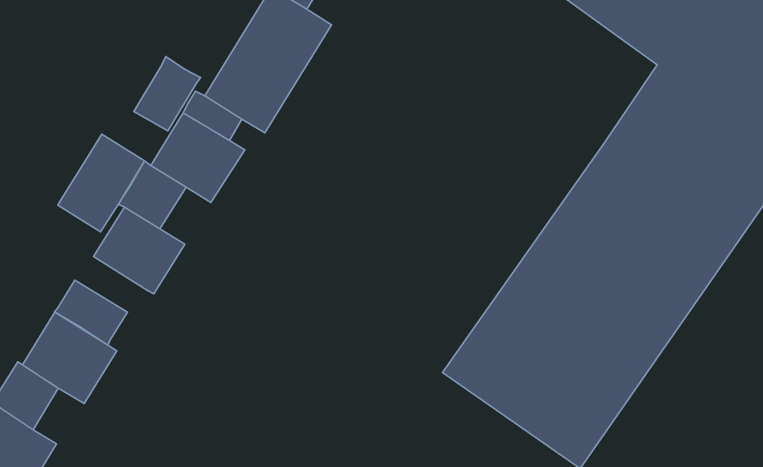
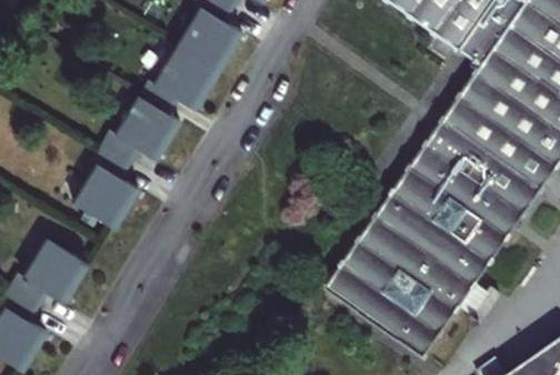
building: [134,57,200,131] -> none
building: [58,134,144,232] -> none
building: [54,280,127,345] -> none

